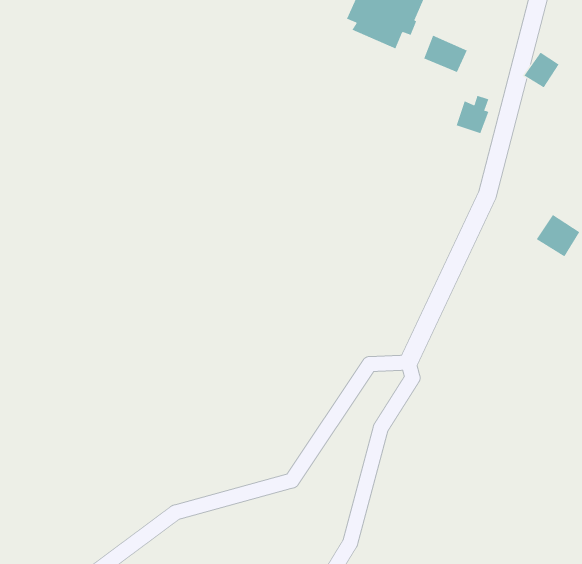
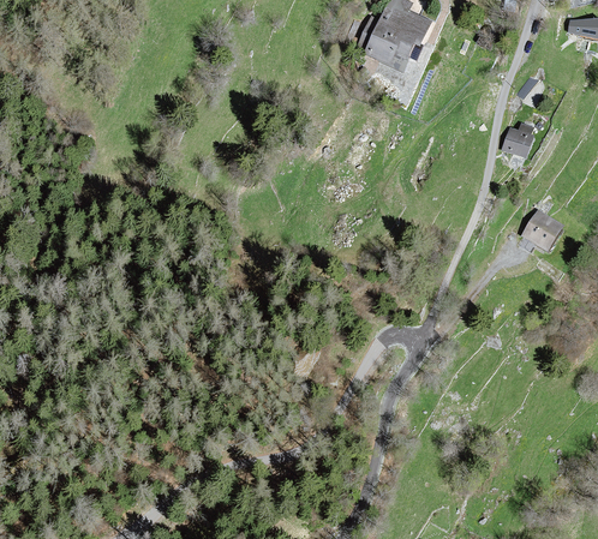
building: [424,35,467,73] -> none
building: [456,95,489,134] -> [503,124,532,157]

